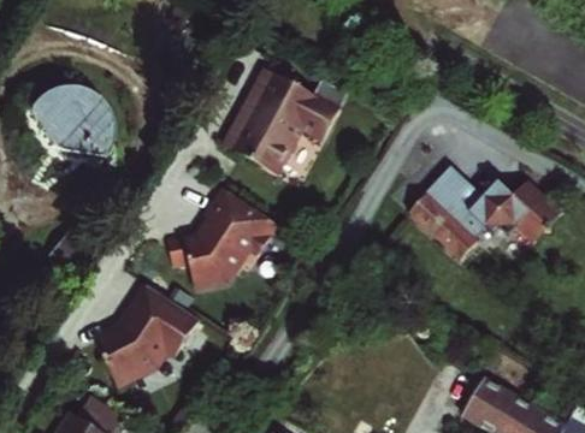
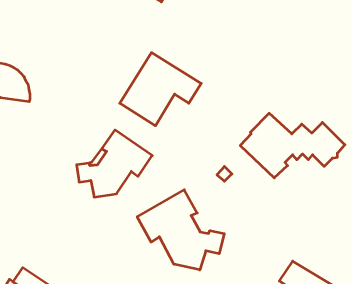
building: none -> [137,190,224,270]
building: [91,283,197,381] -> none

